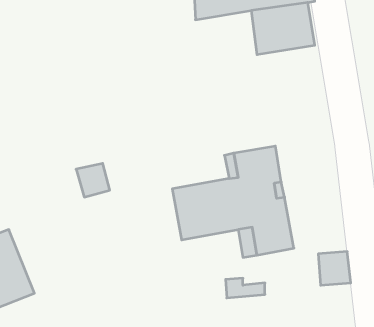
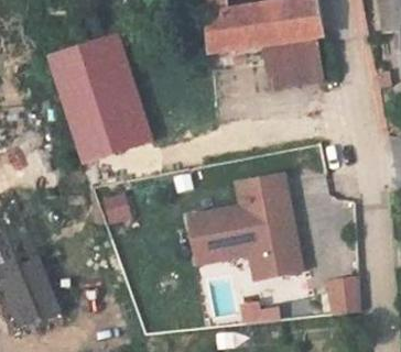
building: none -> [52,42,137,165]

